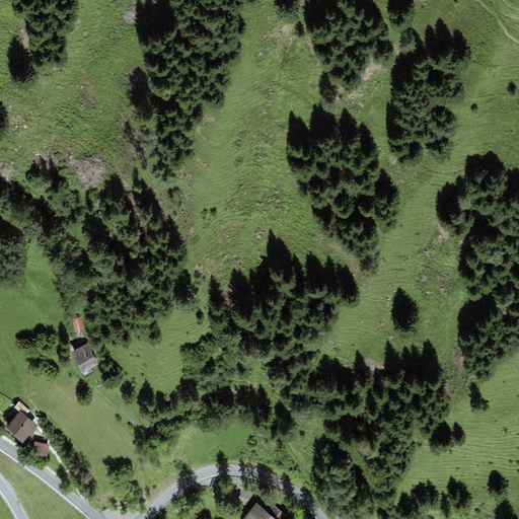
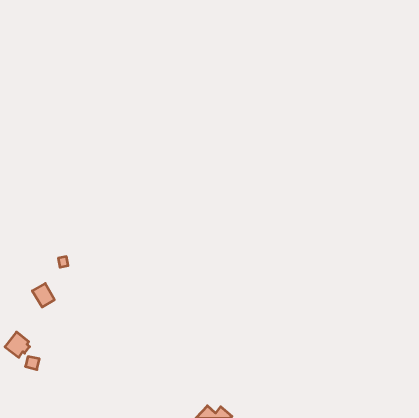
building: [71,344,98,373] -> [32,283,54,307]

